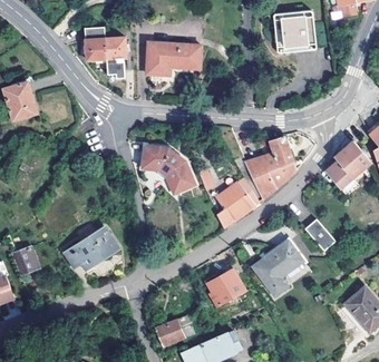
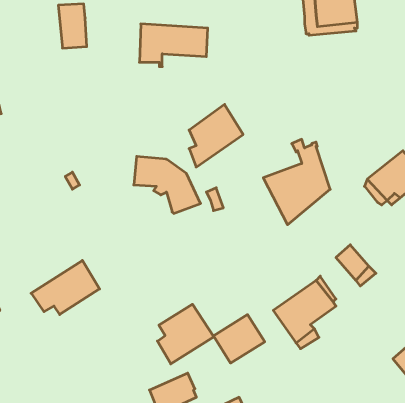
building: [105,37,126,80] -> none
building: [216,178,259,227] -> [189,104,243,167]
building: none -> [157,304,214,364]

